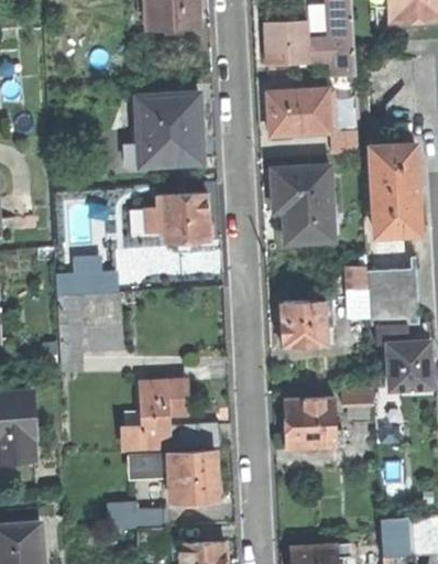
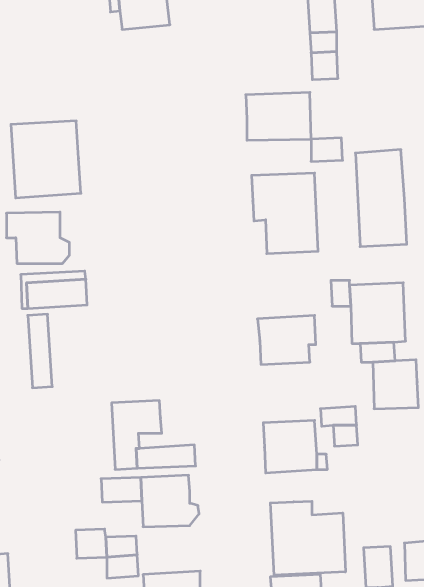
building: [265,21,308,63] -> none
building: [136,95,202,167] -> [11,121,81,198]
building: [156,194,216,242] -> [6,212,69,263]
building: none -> [270,501,345,575]

